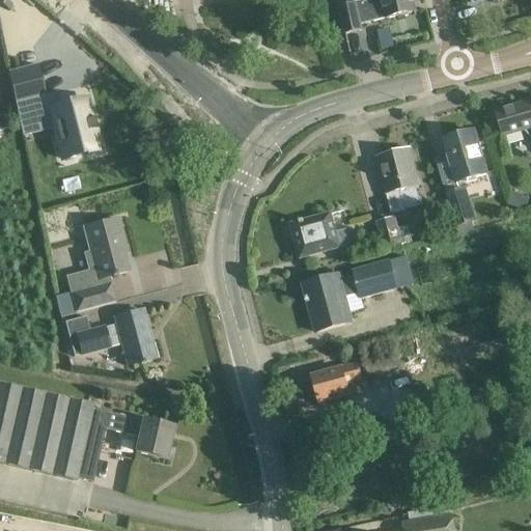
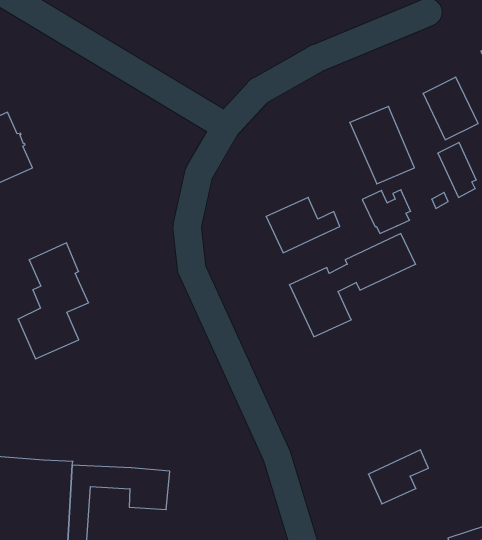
building: [64,308,156,363] -> none
building: [310,360,362,400] -> [368,450,428,504]

